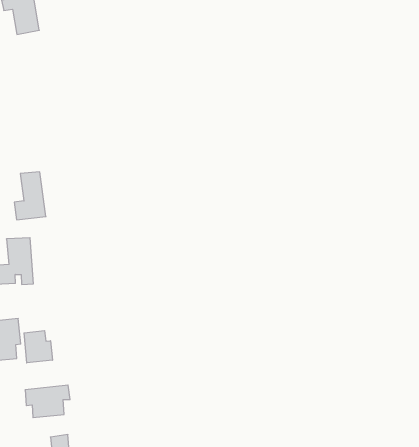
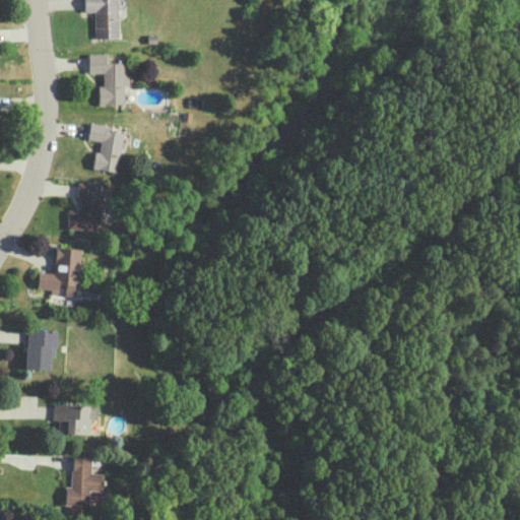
building: none -> [89,54,130,106]
building: none -> [88,124,123,173]
building: [24,331,52,363] -> none

